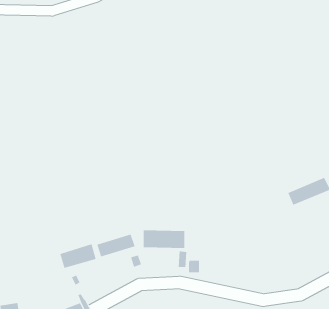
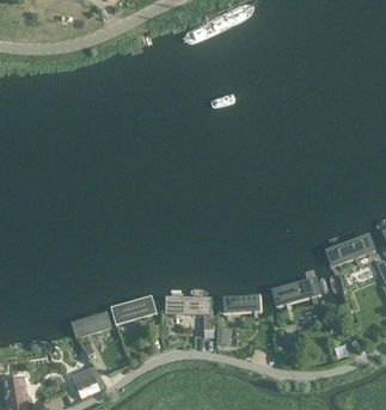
building: none -> [271,277,320,310]
building: none -> [219,290,261,317]

